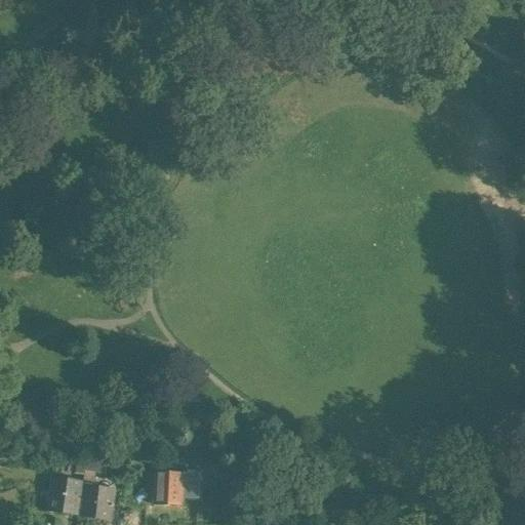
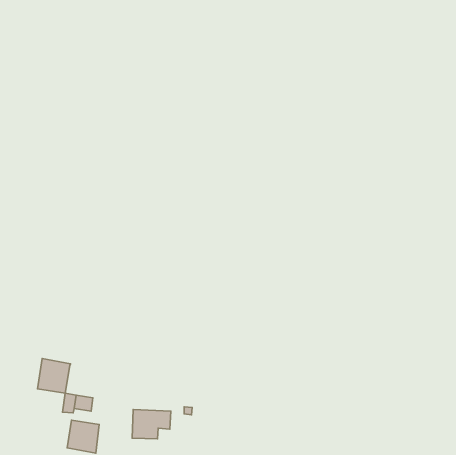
building: [46,474,84,514] -> [38,358,71,393]

